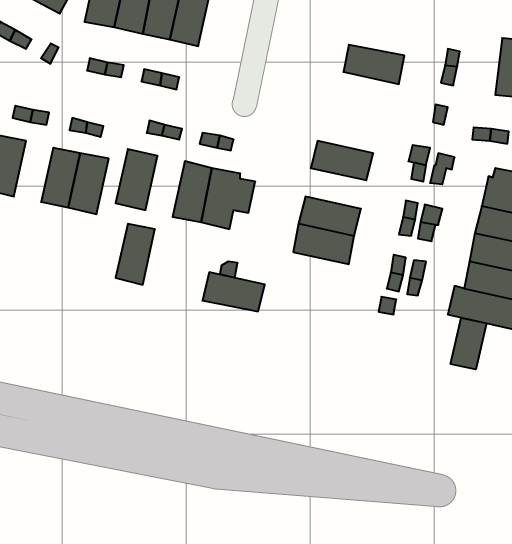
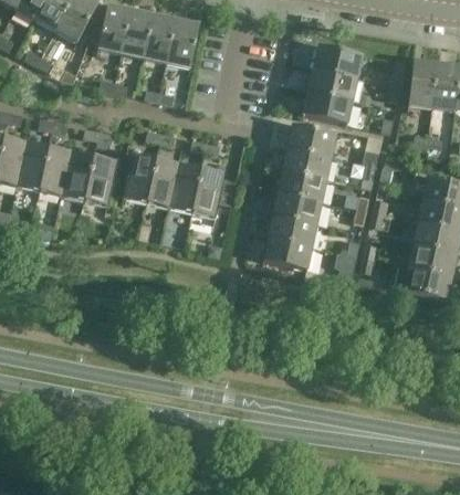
building: none -> [313,44,364,76]
building: none -> [408,60,438,108]
building: none -> [303,89,354,124]
building: none -> [288,123,337,156]
building: none -> [40,146,72,196]
building: none -> [278,168,327,201]
building: [116,224,155,285] -> [147,158,179,208]
building: [202,272,265,311] -> [262,236,313,268]
building: [451,318,486,369] -> none

